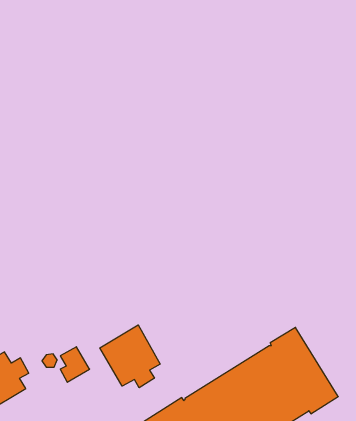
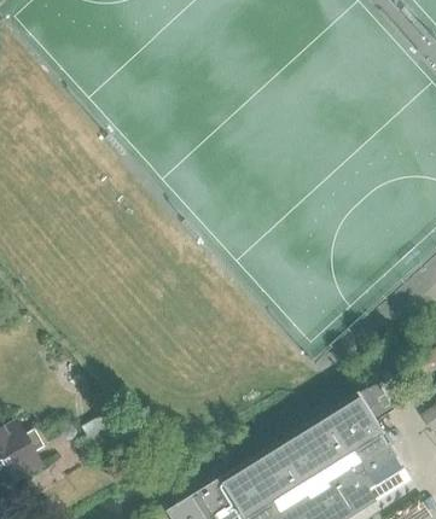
building: [100,325,160,388] -> none

